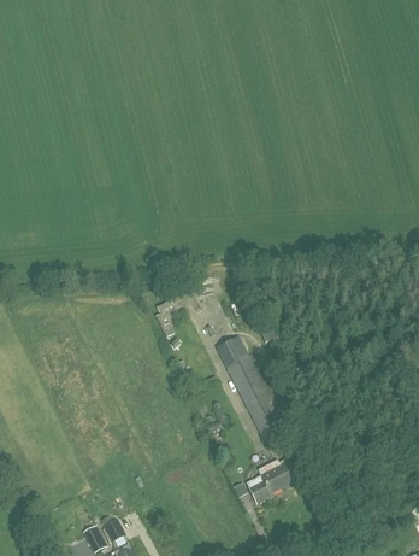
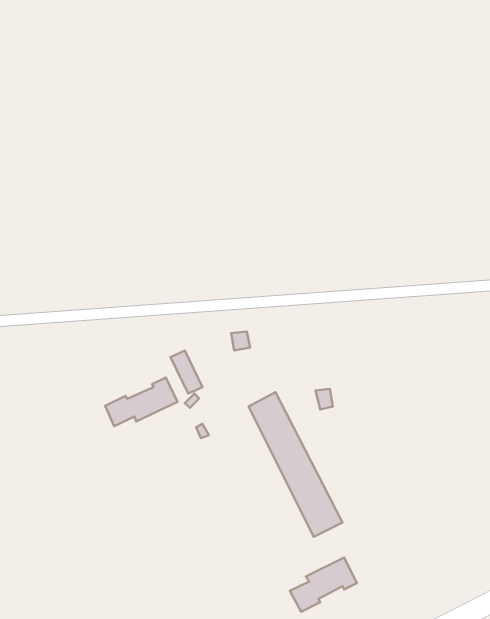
building: none -> [105,377,177,426]

